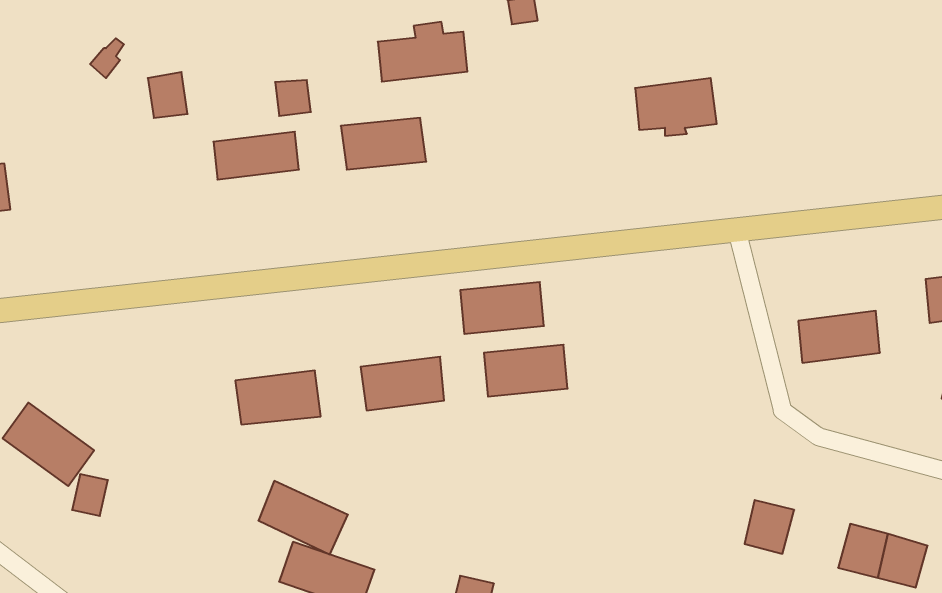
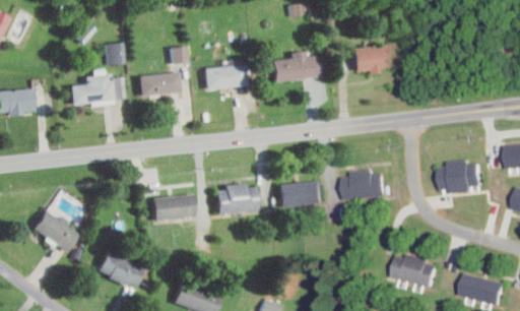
building: [378,22,467,82] -> [273,52,319,82]
building: none -> [69,74,115,106]
building: [460,282,544,334] -> [341,174,384,200]
building: [258,481,348,554] -> [98,250,143,288]
building: none -> [390,255,415,283]

